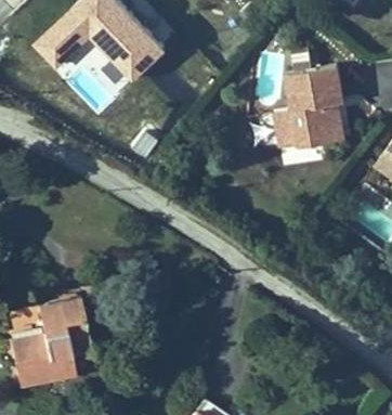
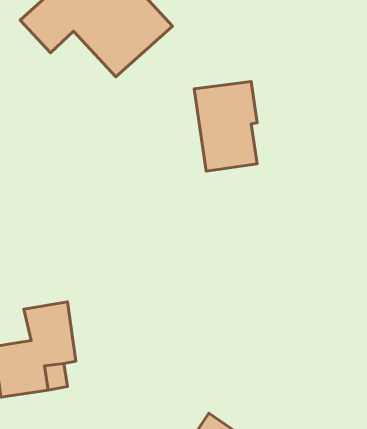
building: [279,66,336,146] -> [194,82,257,171]

